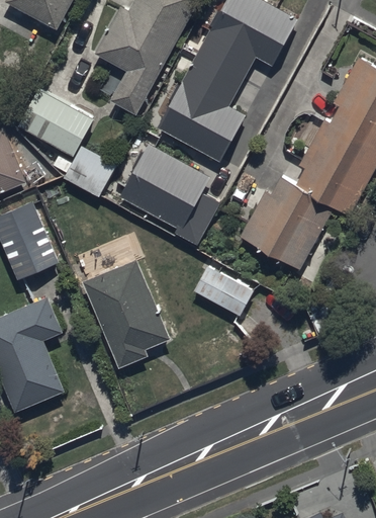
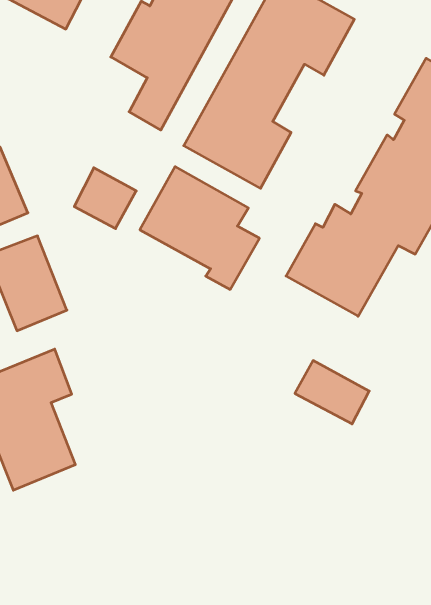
building: [17,89,93,156] -> none
building: [82,258,172,367] -> none
building: [193,264,255,317] -> [295,361,369,424]

